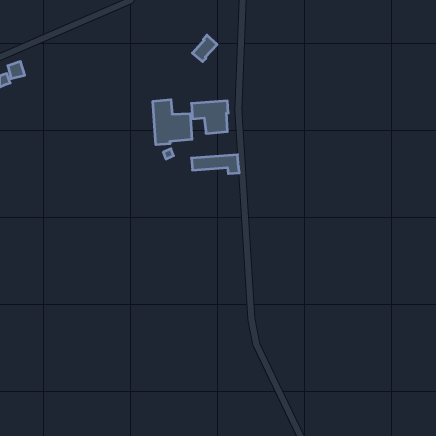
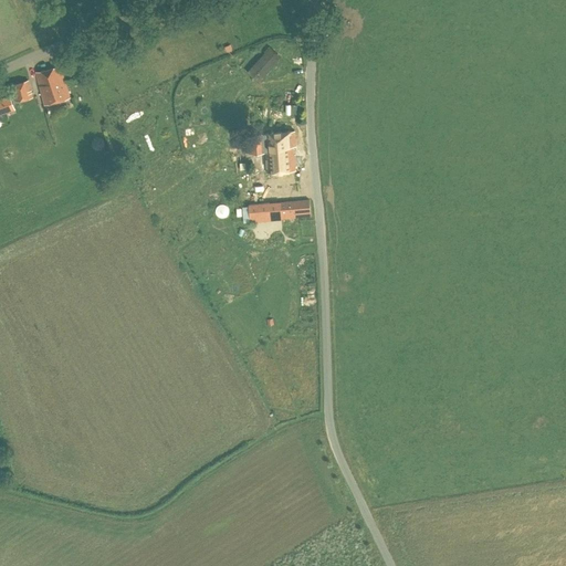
building: none -> [35,66,69,106]
building: [153,100,192,145] -> none

